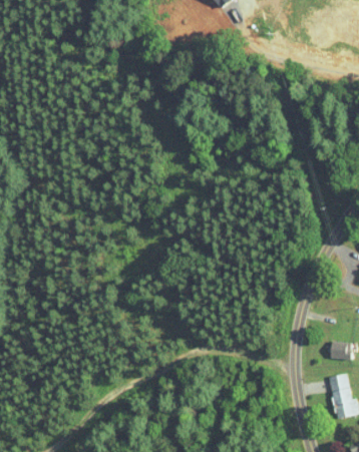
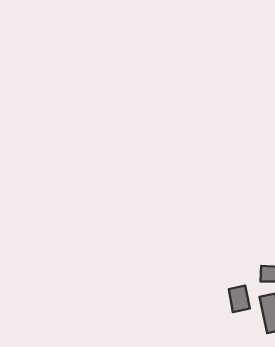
building: none -> [229,285,250,312]

